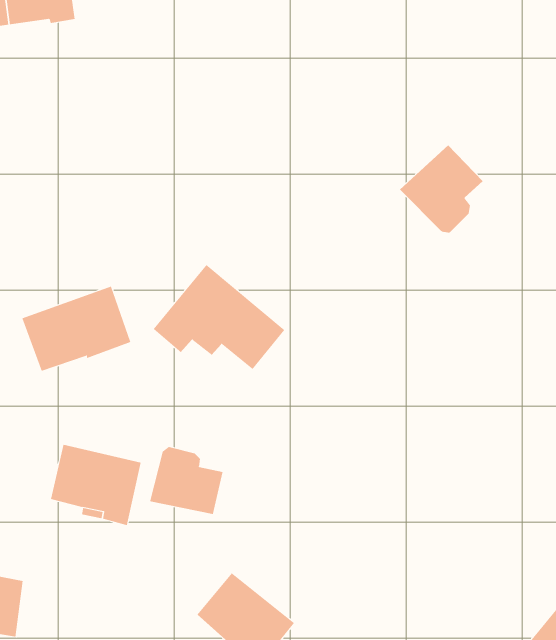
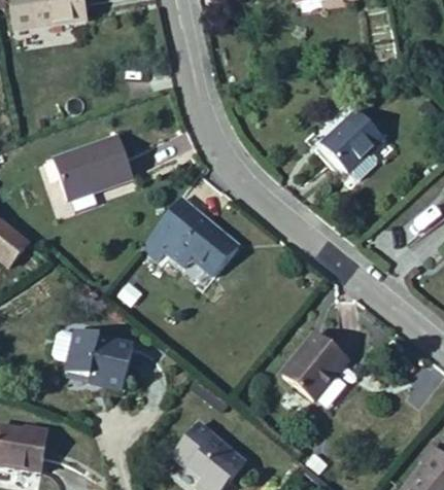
building: [21,286,131,372] -> [53,135,133,198]
building: [149,446,223,515] -> none
building: none -> [282,332,347,399]

